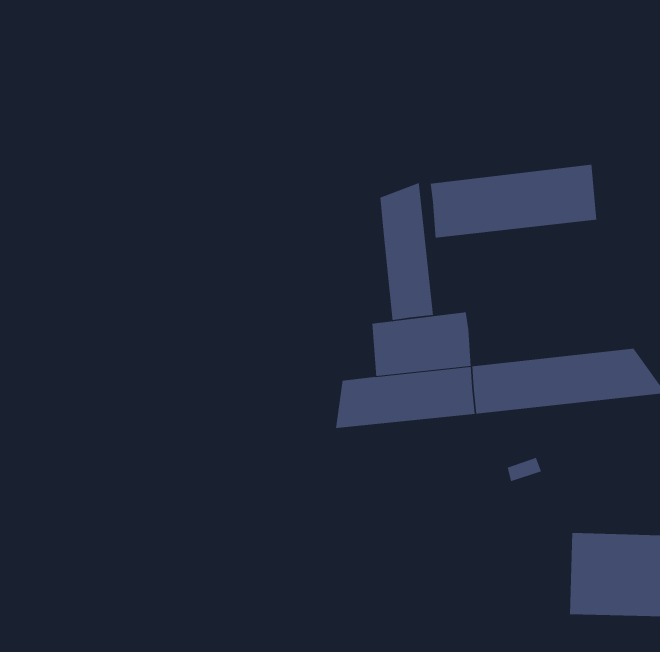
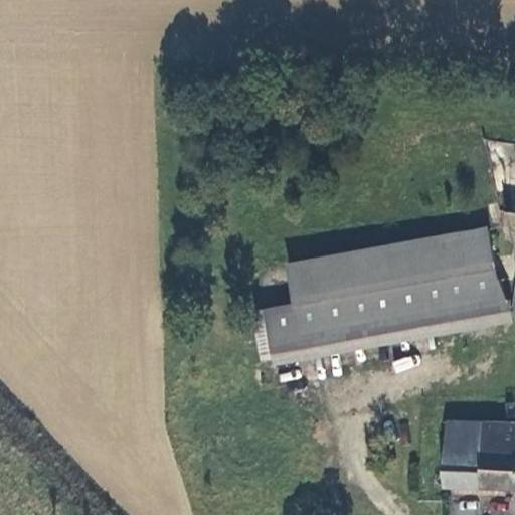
building: [430,164,597,238] -> [364,235,494,293]
building: [380,182,433,321] -> none

